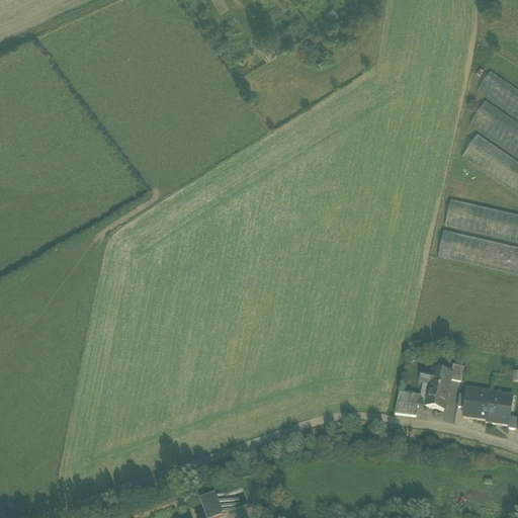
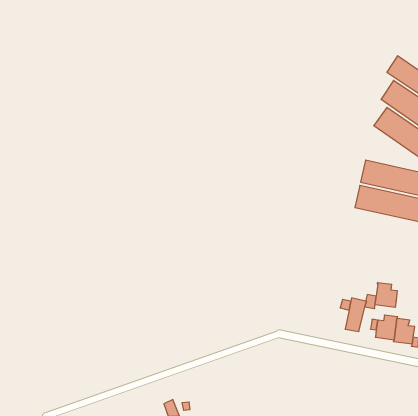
building: none -> [375,282,397,307]
building: [396,391,422,415] -> none

